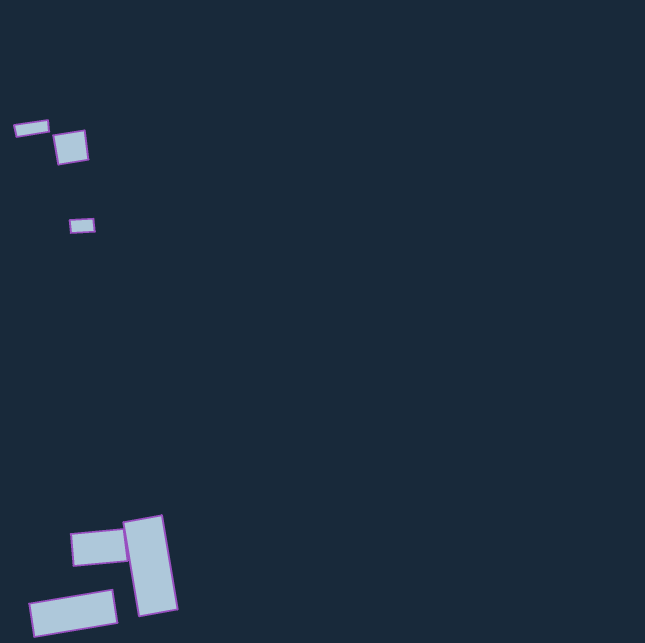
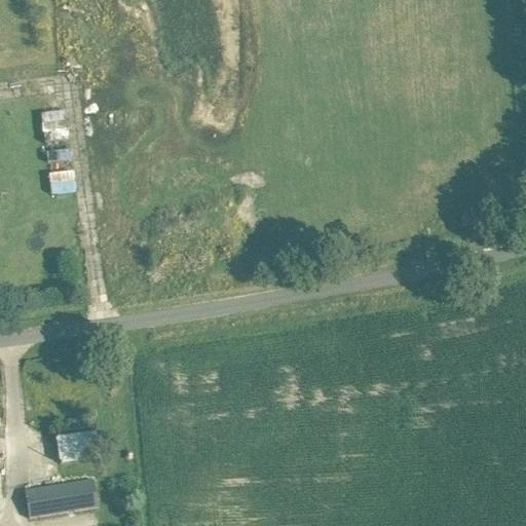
building: [124,515,177,616] -> none

